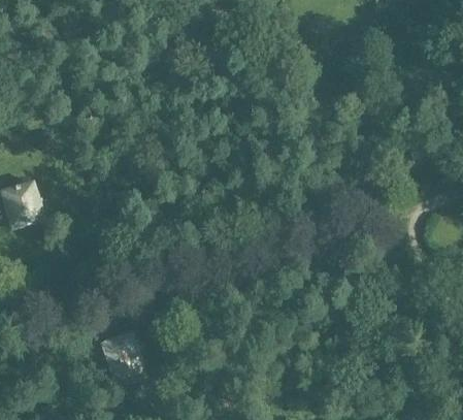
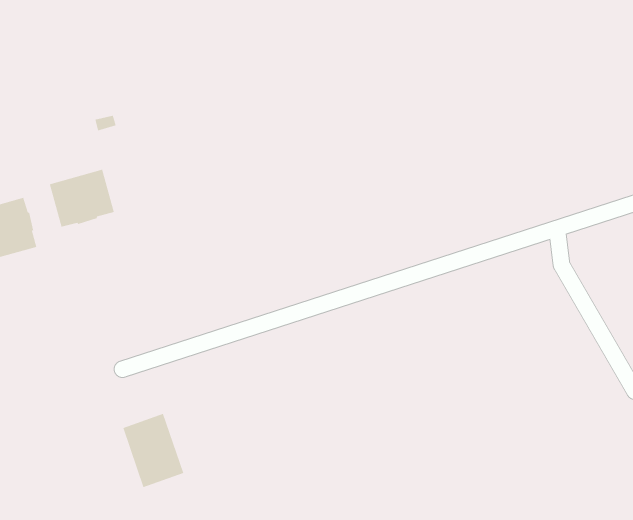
building: none -> [49,169,114,228]

